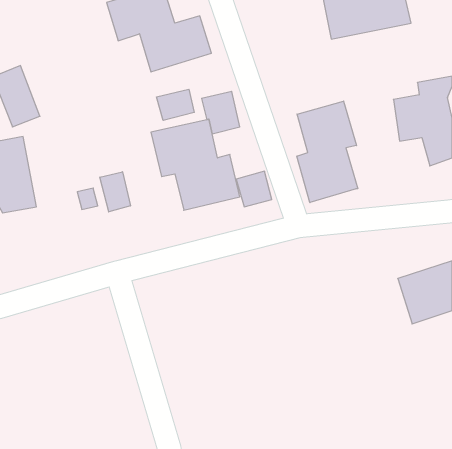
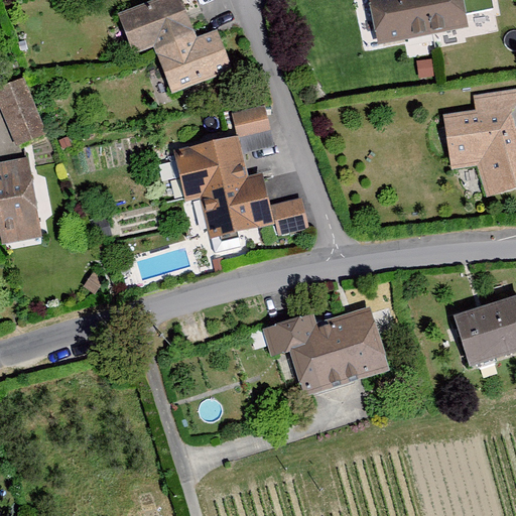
building: [157,89,194,120] -> none
building: [297,101,358,203] -> none
building: [100,172,130,212] -> none
building: none -> [262,305,389,397]

